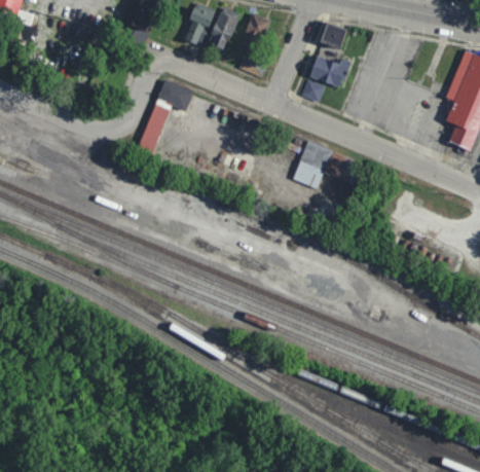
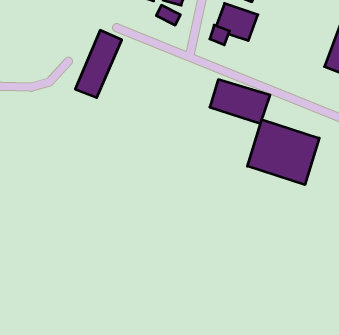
building: none -> [247,120,319,185]

